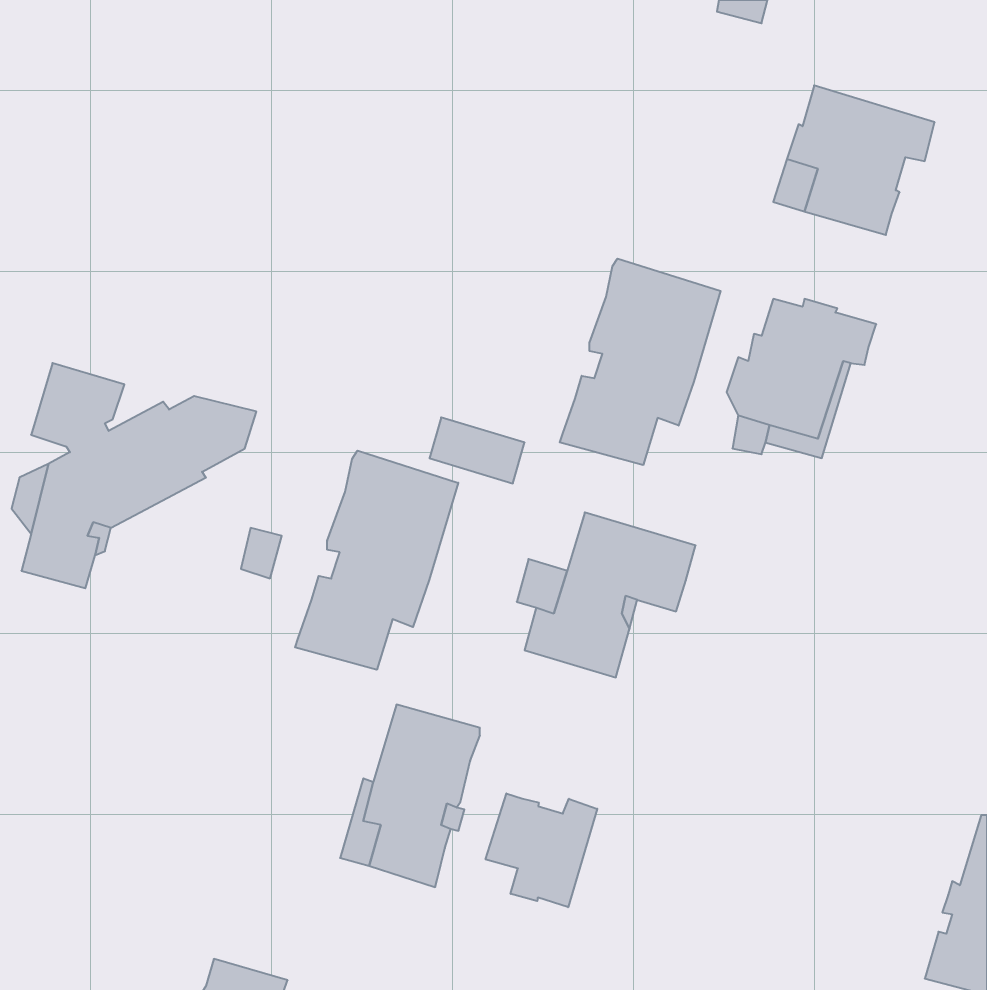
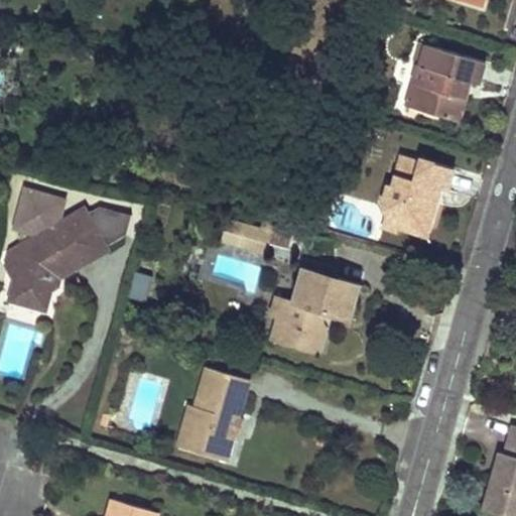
building: [560,259,721,465] -> none
building: [295,451,458,670] -> none
building: [486,793,597,907] -> none

